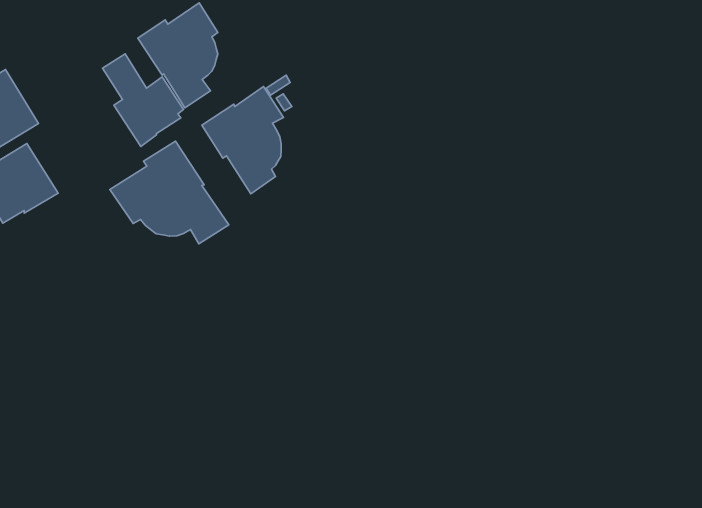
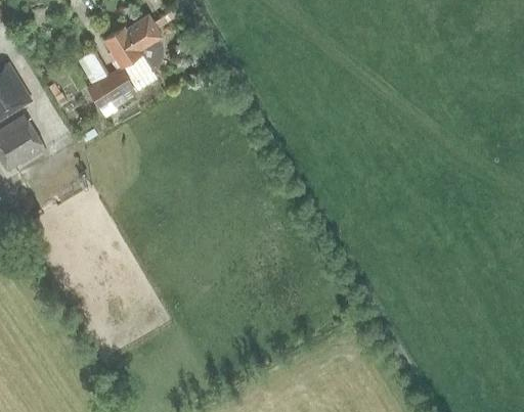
building: [202,87,283,194] -> none
building: [110,141,229,244] -> none

